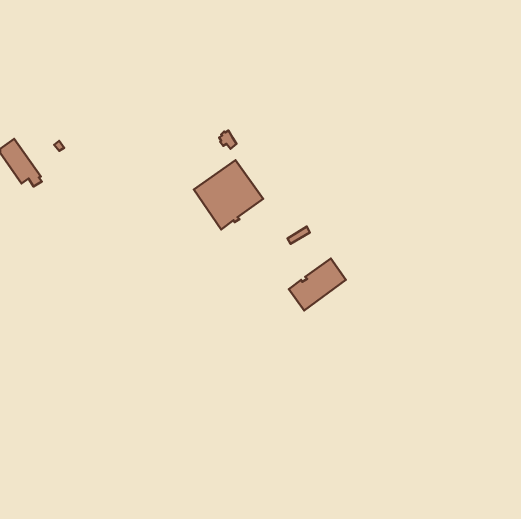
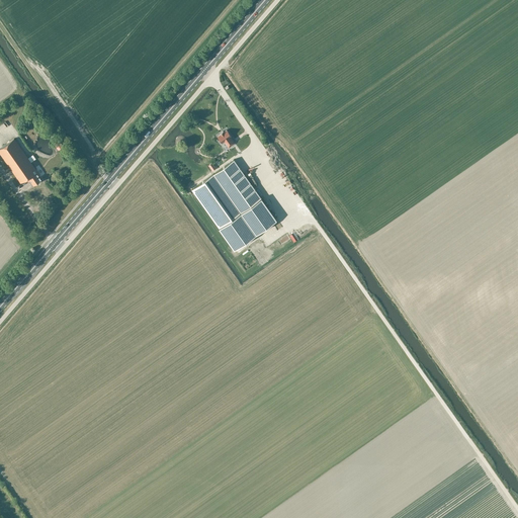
building: [289,258,346,310] -> [220,199,276,251]

